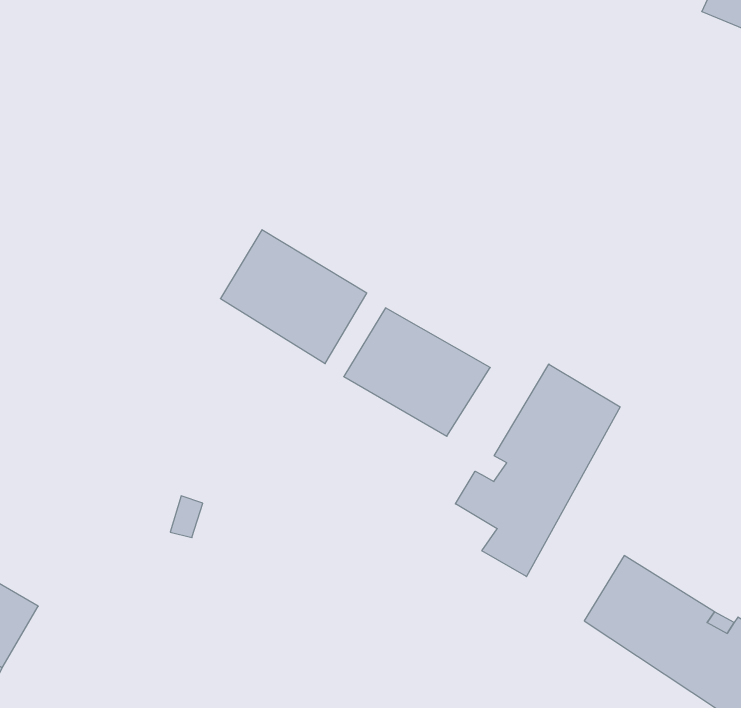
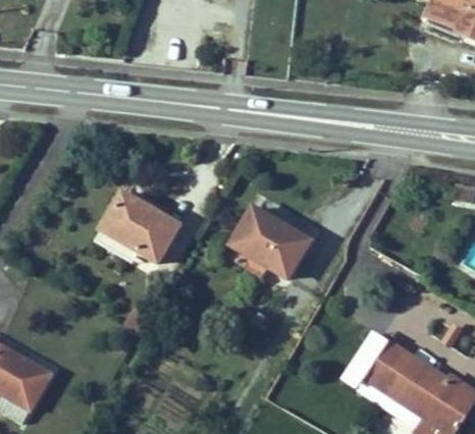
building: [220,230,367,364] -> [97,185,179,261]
building: [455,364,620,577] -> none

